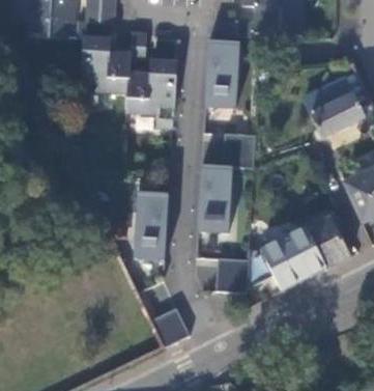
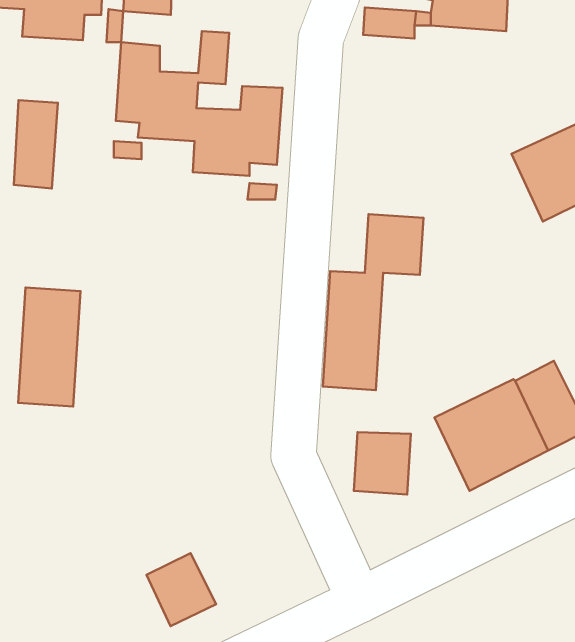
building: [205,39,239,107] -> none
building: none -> [14,100,58,188]
building: [133,191,168,258] -> [18,287,80,406]
building: [151,306,191,347] -> [147,553,216,626]

